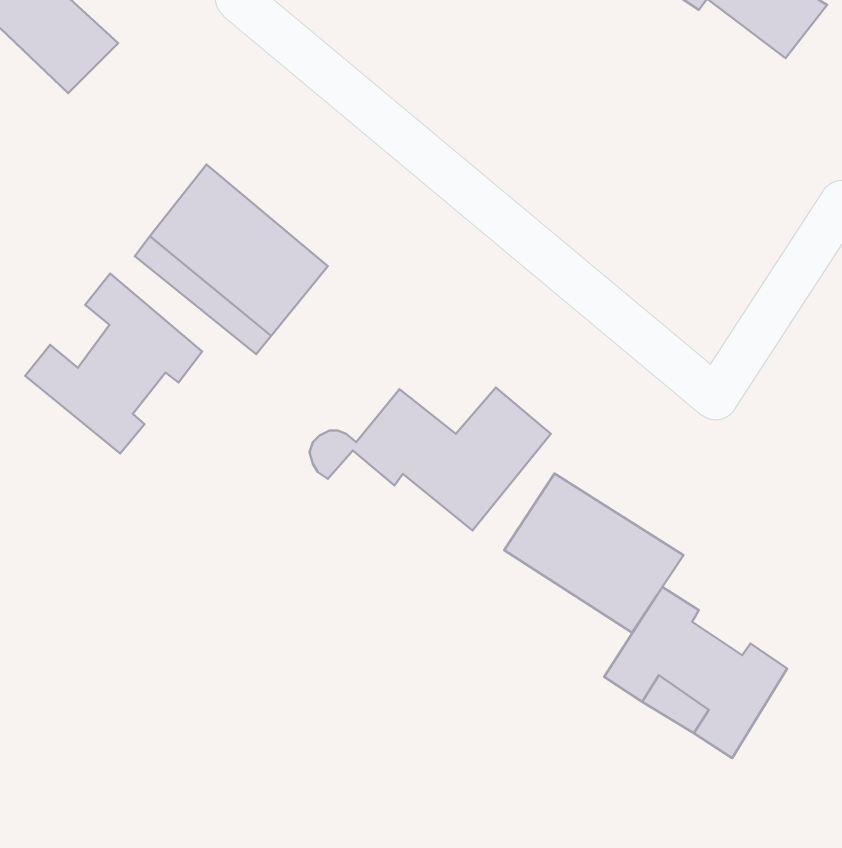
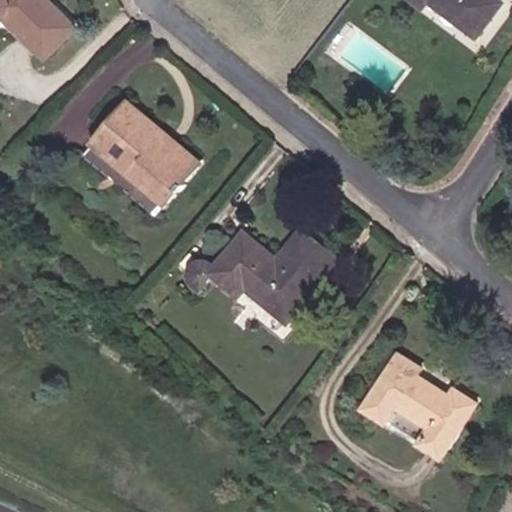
building: [25,274,202,453] -> none
building: [504,474,684,632] -> none

